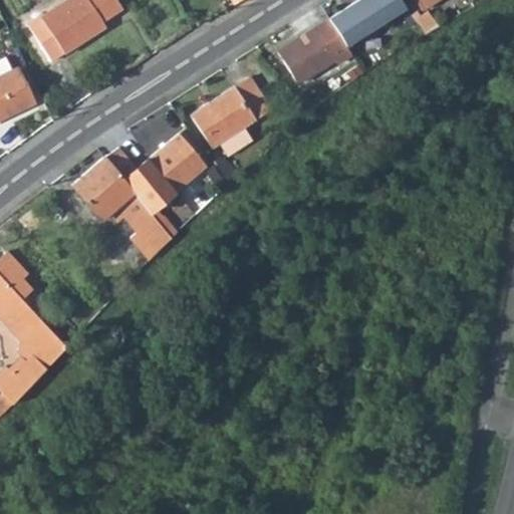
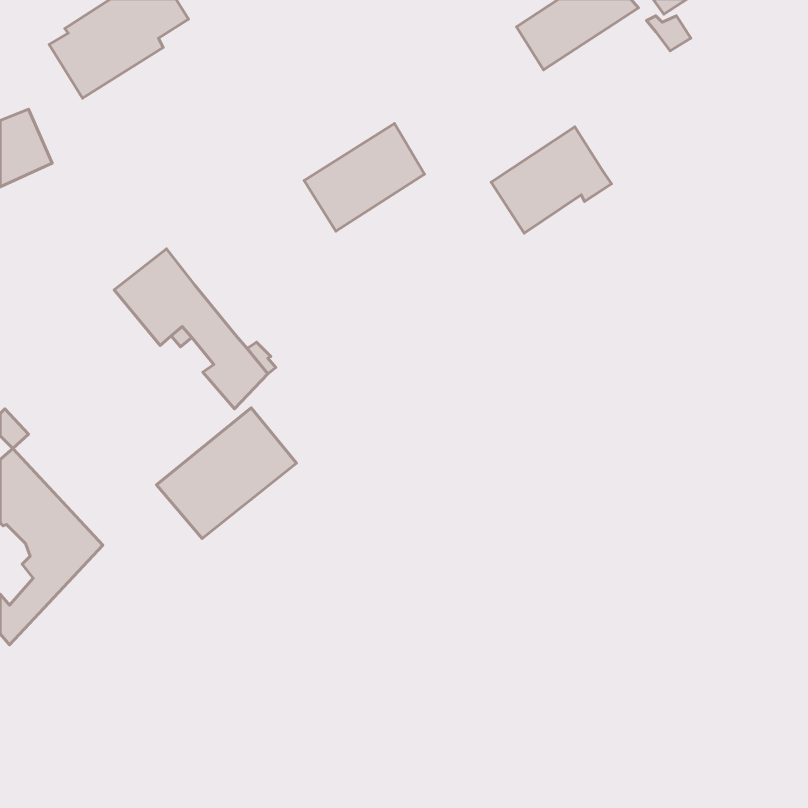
building: [275,17,351,84] -> [491,127,611,233]
building: [124,135,206,213] -> none
building: none -> [156,408,296,538]

